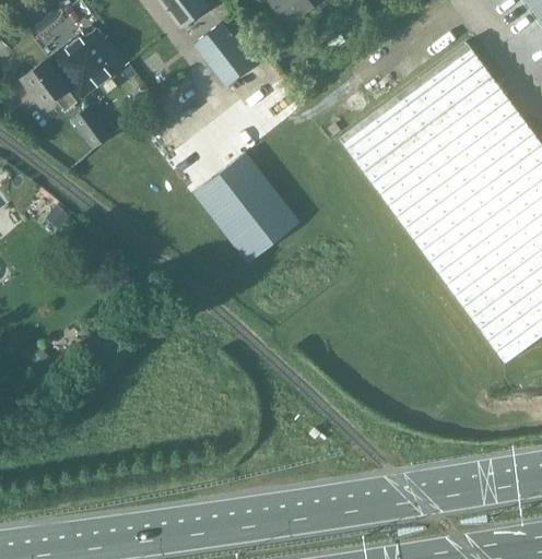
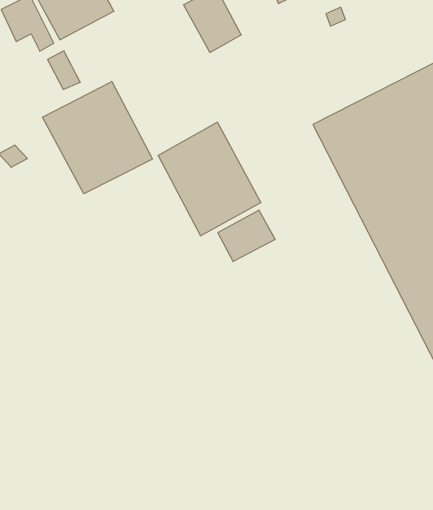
building: none -> [43,81,152,194]
building: none -> [218,210,275,262]

